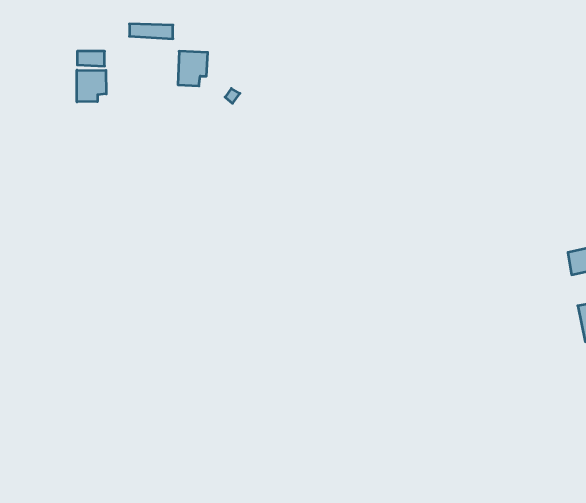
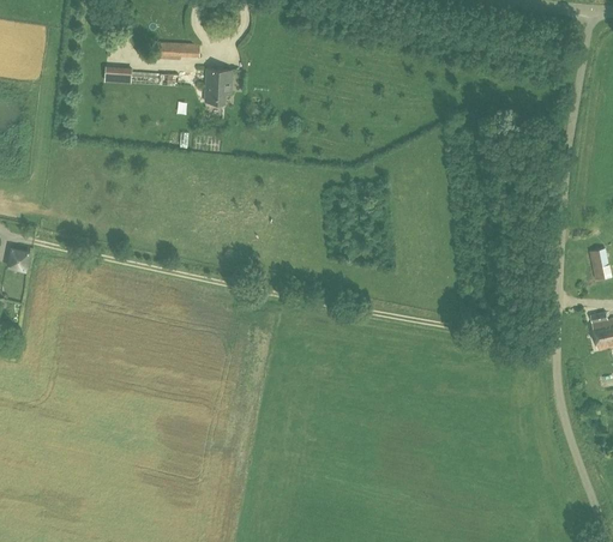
building: [77,70,106,102] -> none

